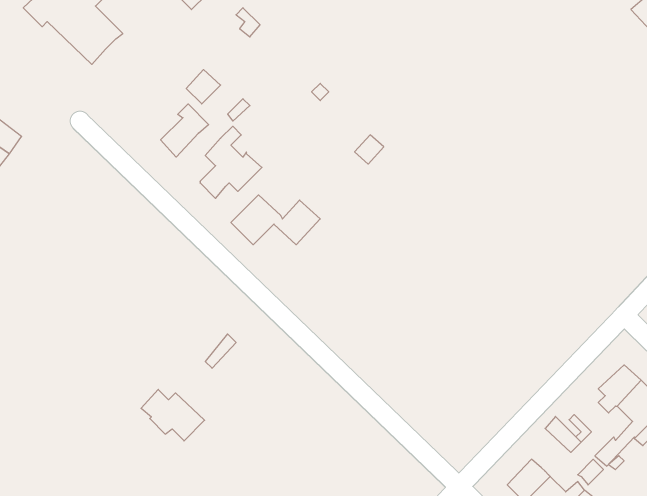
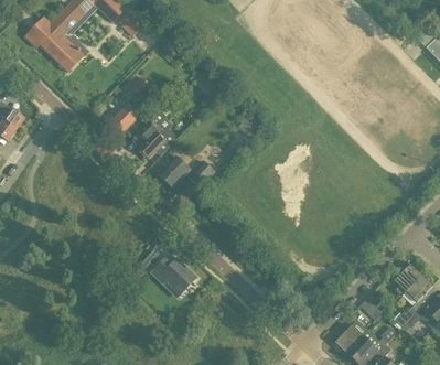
building: [141,389,205,441] -> [155,256,196,289]

